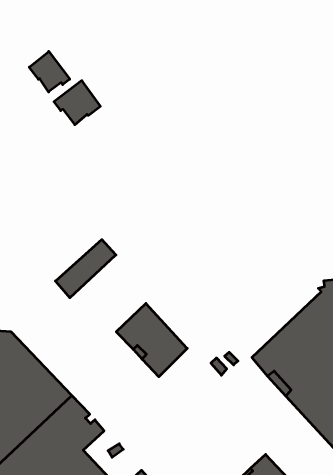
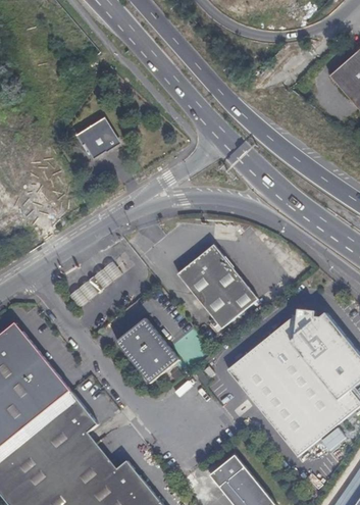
building: [29,51,70,92] -> none
building: none -> [175,247,255,325]

